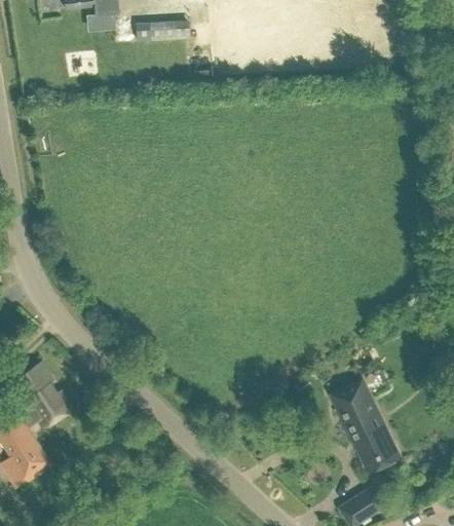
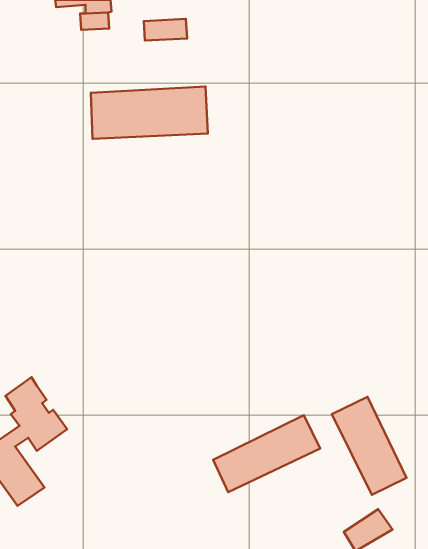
building: none -> [91,86,208,139]
building: none -> [213,415,320,492]

